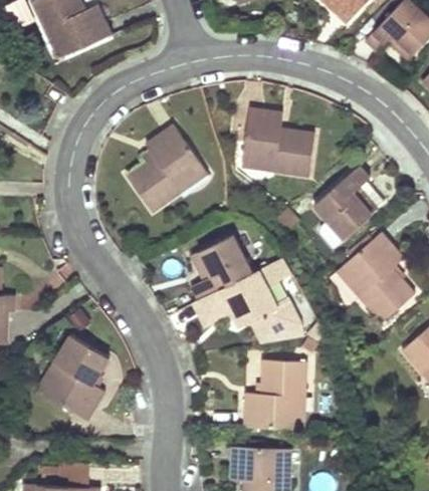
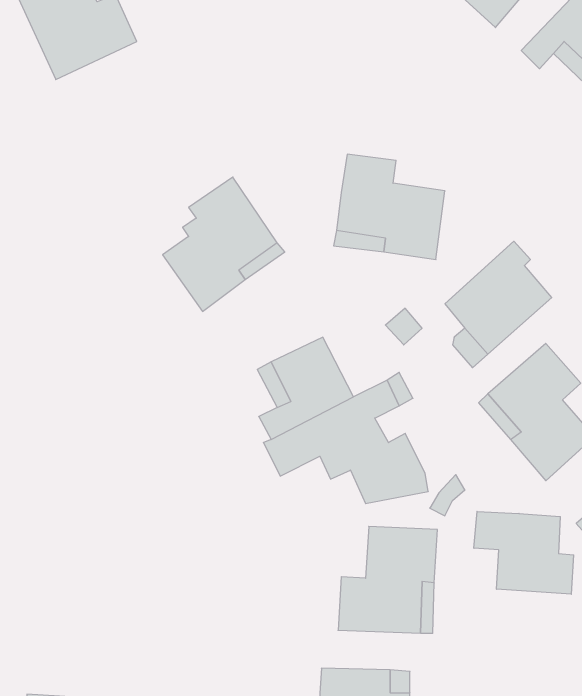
building: [36,333,109,420] -> none
building: none -> [474,511,574,594]

